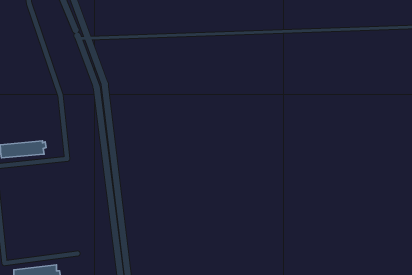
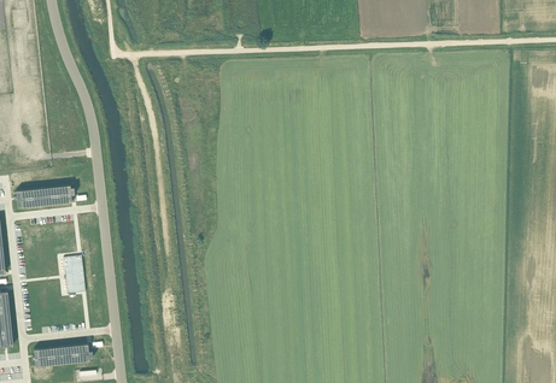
building: none -> [63,255,86,294]

